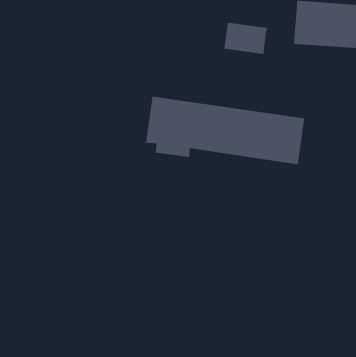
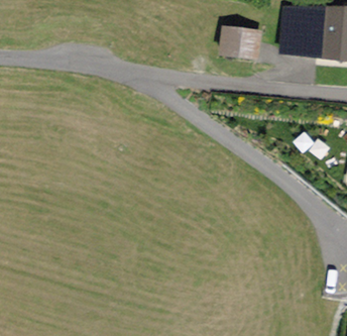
building: [145,96,305,165] -> none

